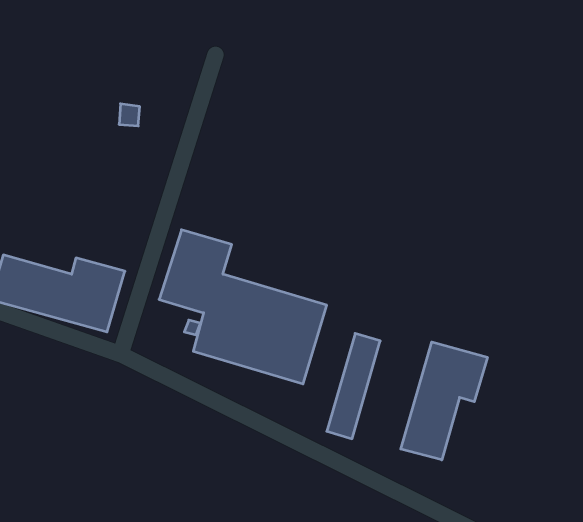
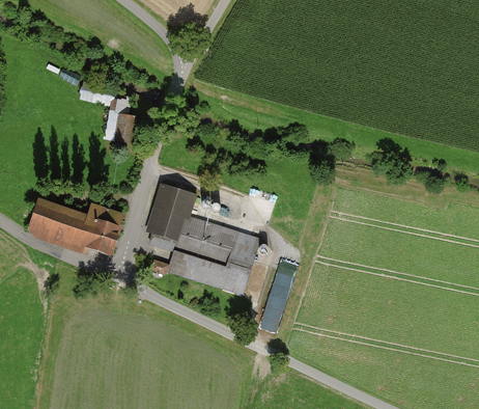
building: none -> [112,113,132,144]
building: [401,342,487,460] -> none

